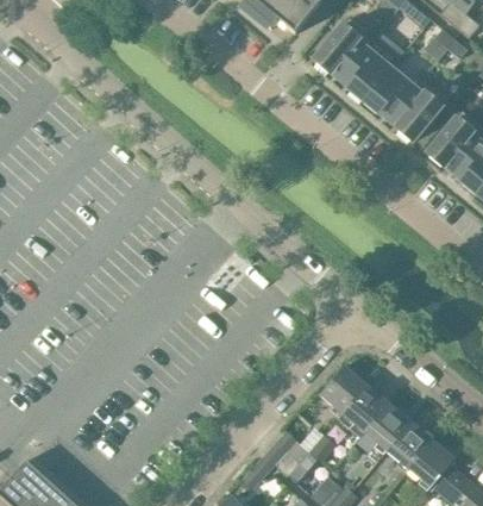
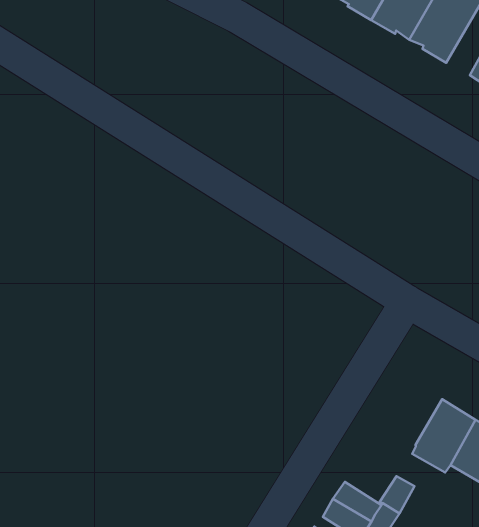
building: [320,367,368,414] -> none

